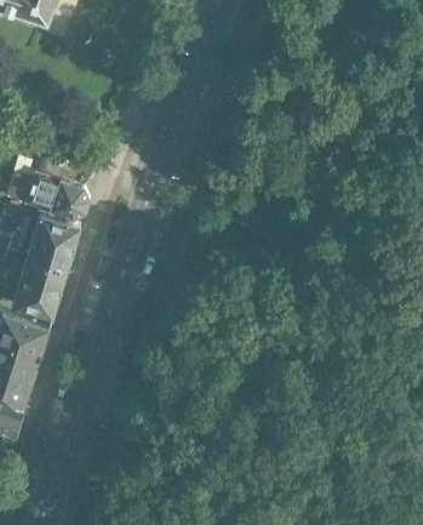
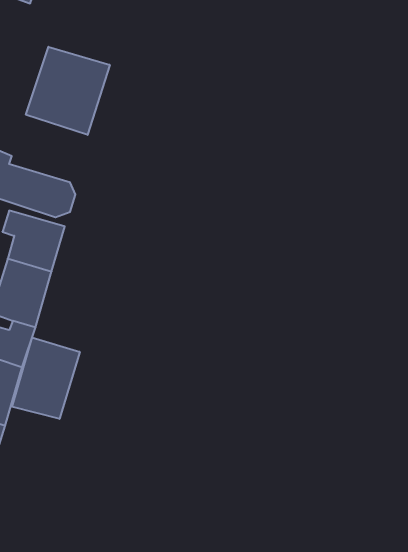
building: none -> [26,47,110,135]
building: none -> [12,338,80,419]

